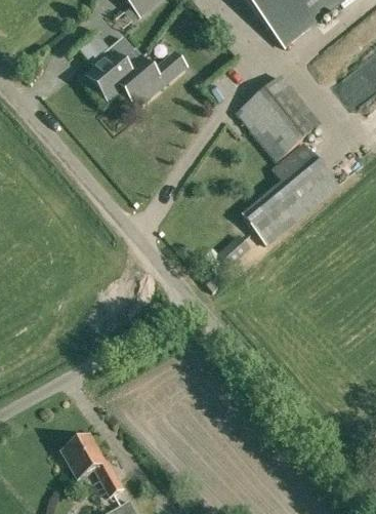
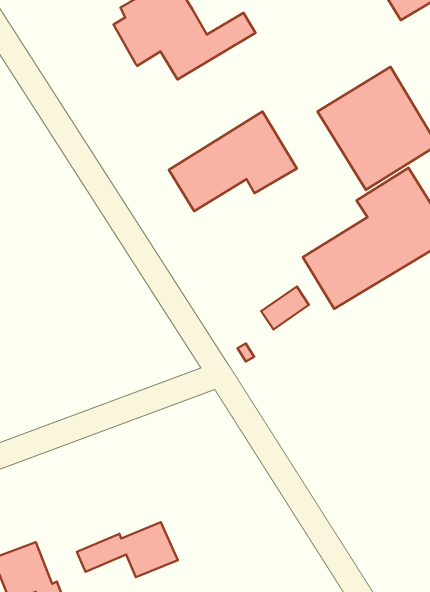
building: none -> [169,111,297,211]
building: none -> [77,522,178,577]

